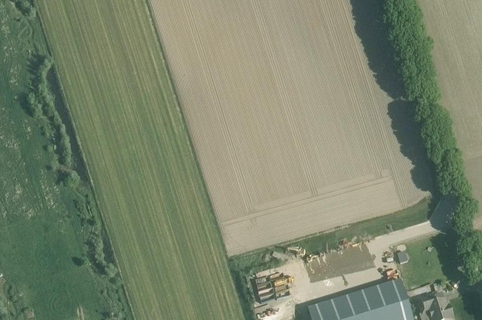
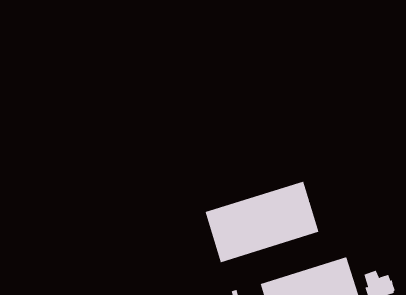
building: none -> [205,181,319,263]

